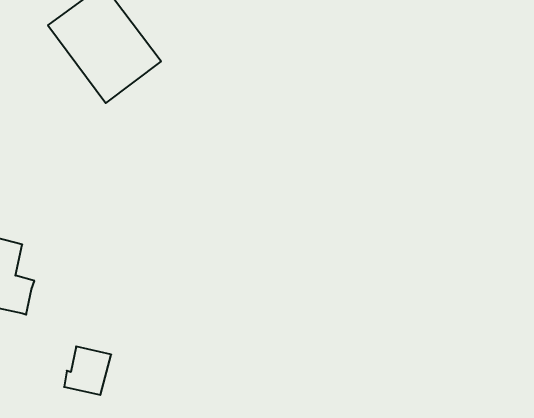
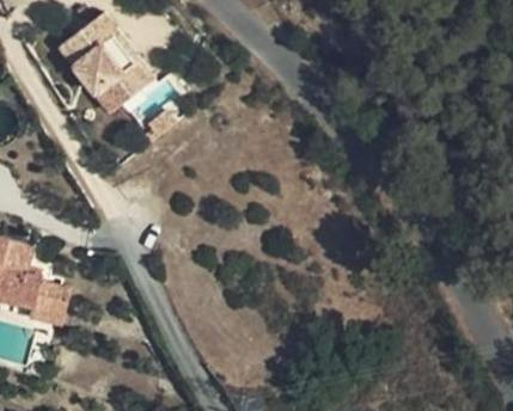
building: [64,346,111,395] -> [30,282,72,325]

